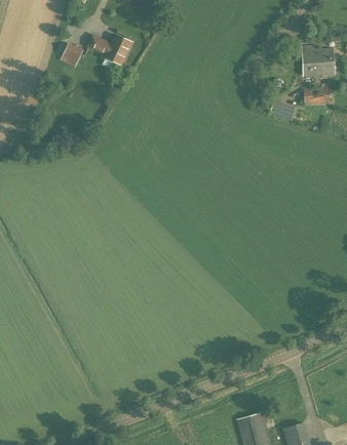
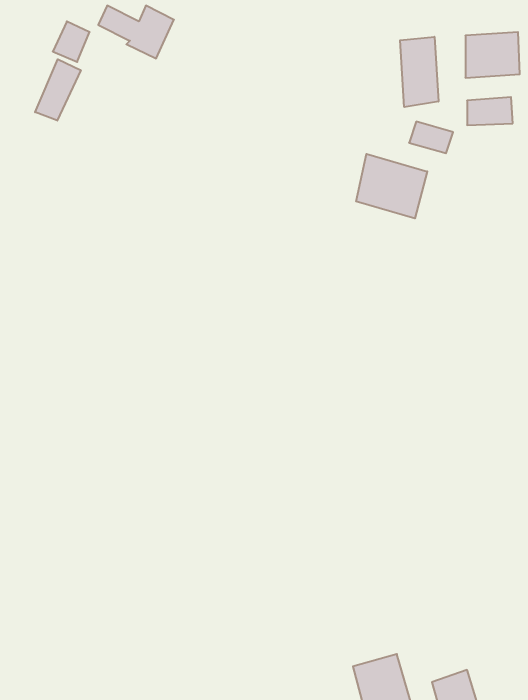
building: none -> [400,37,438,107]
building: none -> [35,59,81,121]
building: none -> [356,154,427,218]

